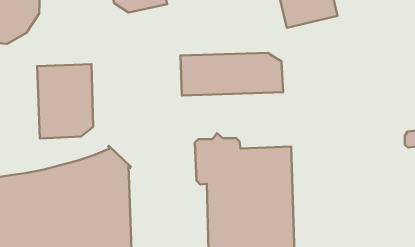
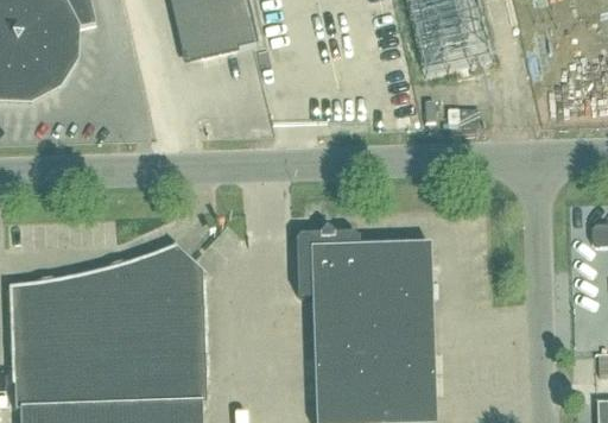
building: [181,53,283,95] -> none
building: [37,64,93,138] -> none

